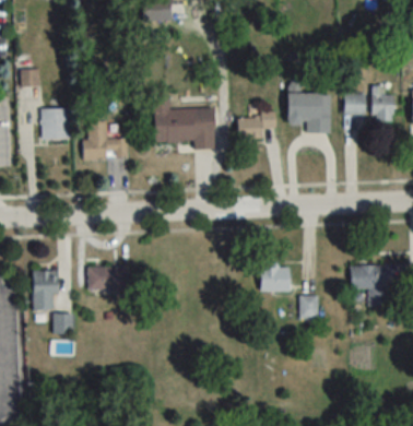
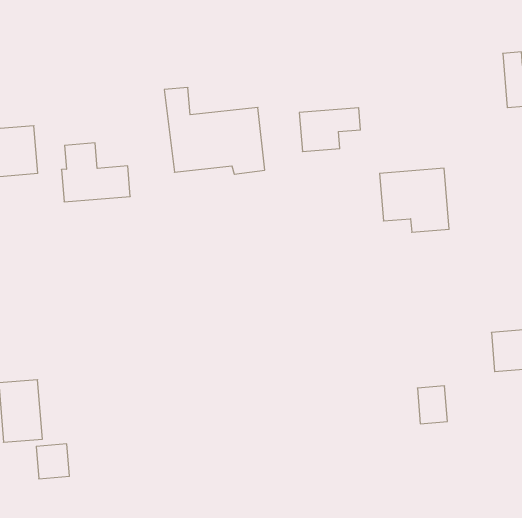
building: [287,93,329,132] -> [380,168,449,232]
building: [344,94,365,115] -> none
building: [260,265,290,292] -> none
building: [87,268,128,289] -> none

